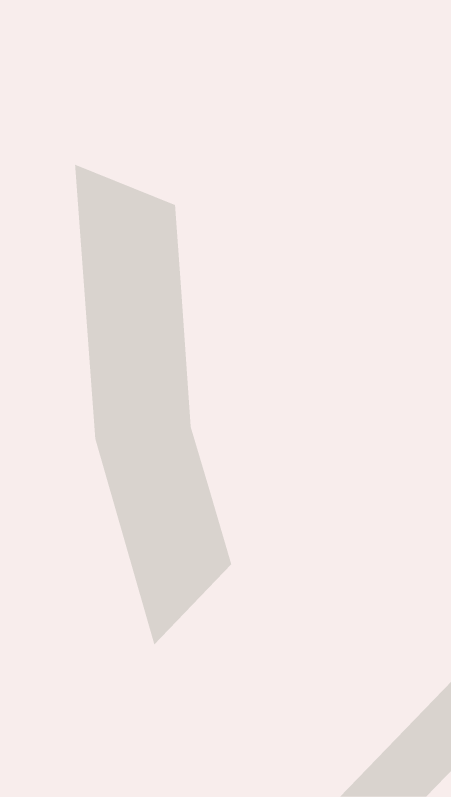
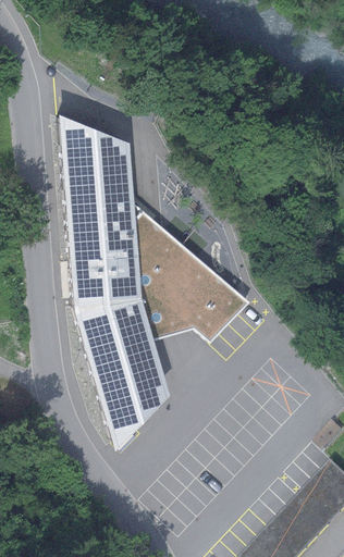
building: none -> [134,203,249,343]

